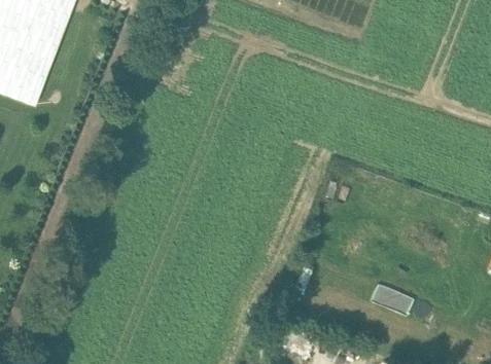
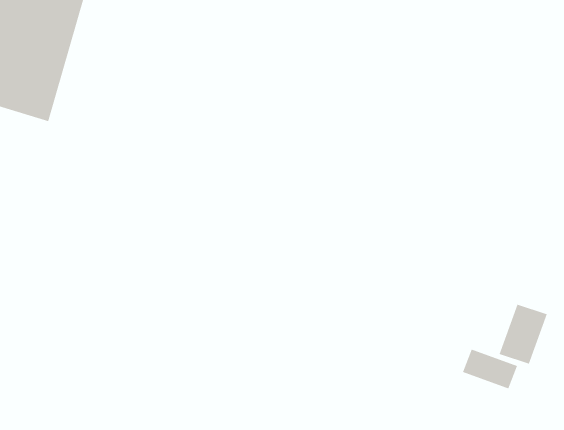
building: none -> [499,304,548,365]

